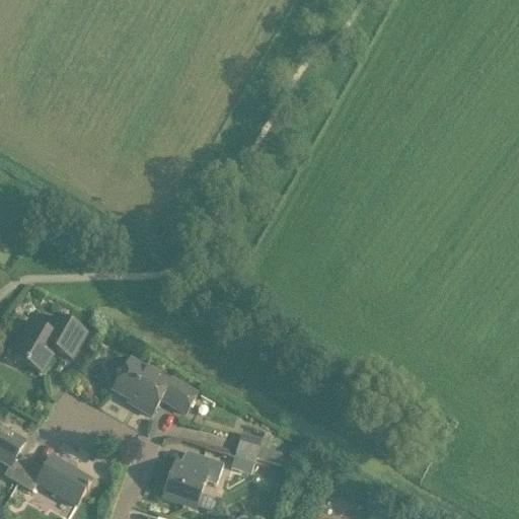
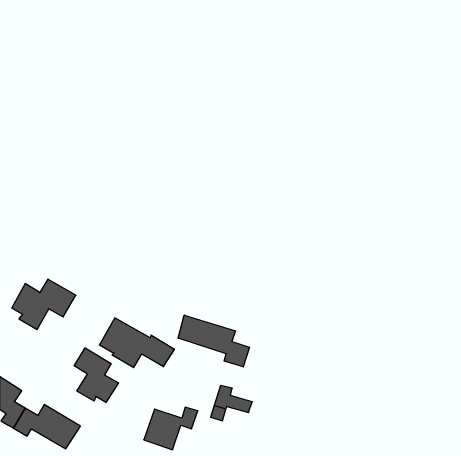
building: none -> [178,315,250,367]
building: none -> [74,348,118,402]

